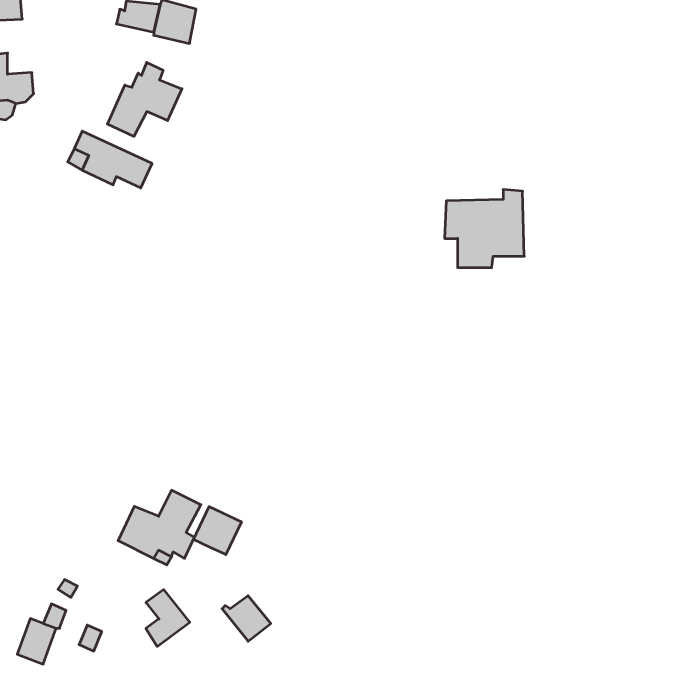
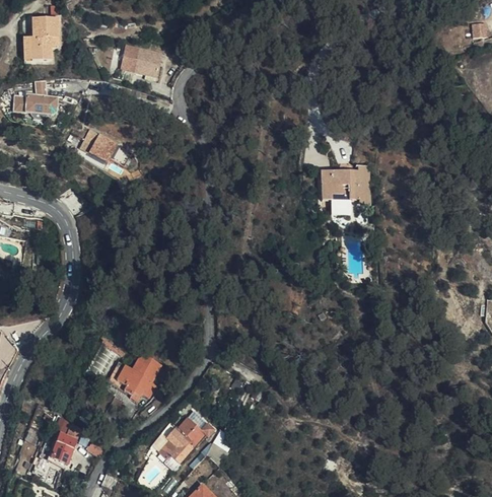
building: [107,62,182,136] -> none
building: [193,507,241,555] -> none
building: [146,590,190,646] -> [166,427,194,463]

